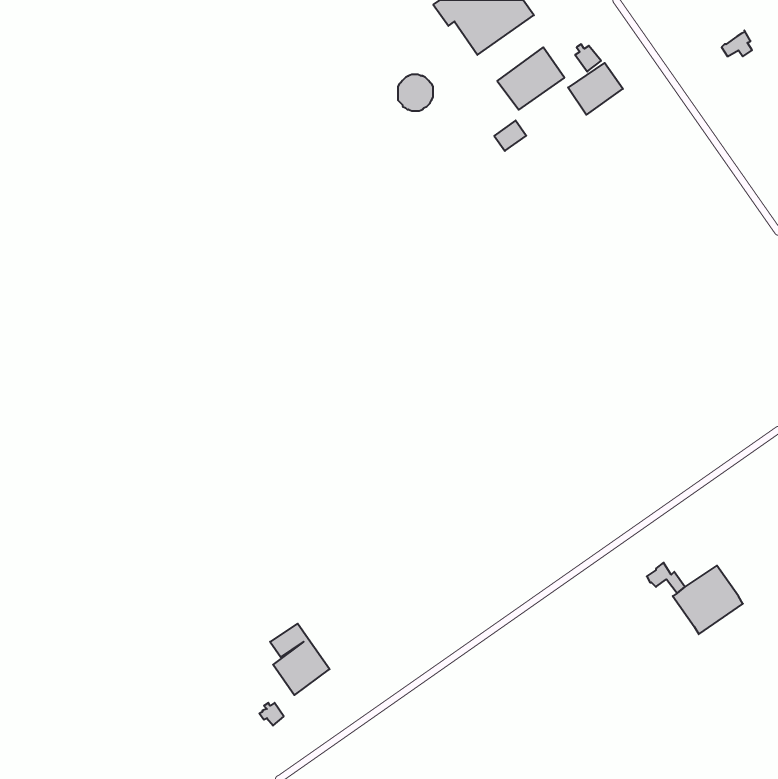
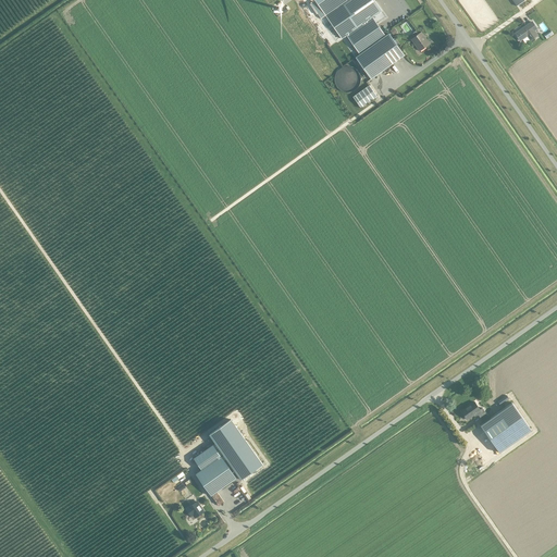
building: [568,63,623,115] -> [346,17,385,54]
building: [398,74,433,111] -> [334,66,359,92]
building: none -> [208,420,261,480]

